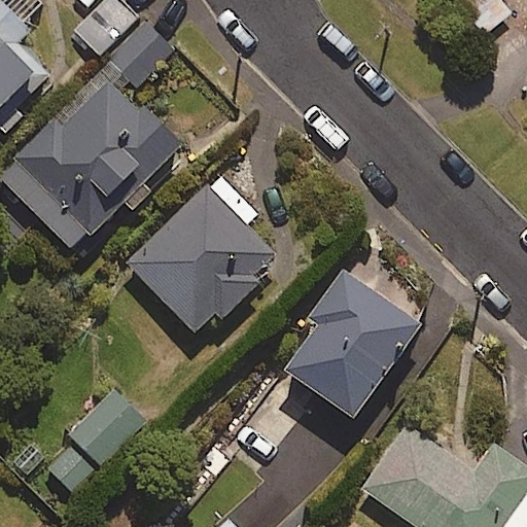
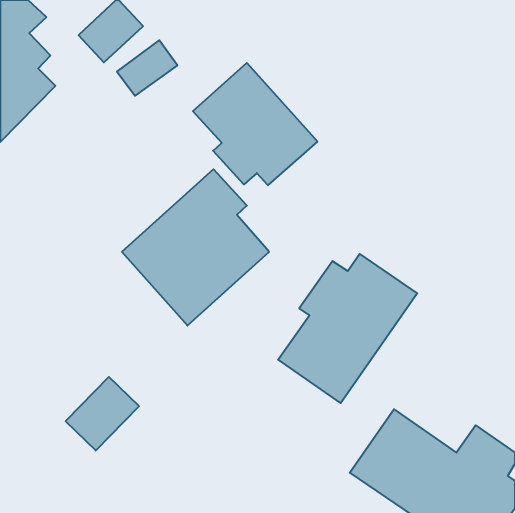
building: none -> [193,63,317,185]
building: [7,89,194,268] -> none

